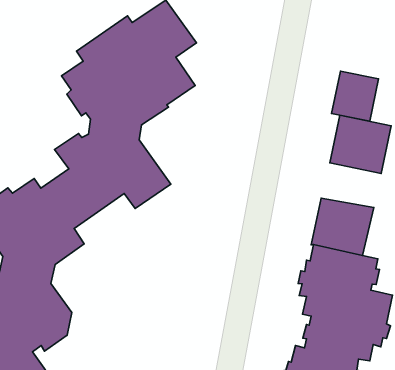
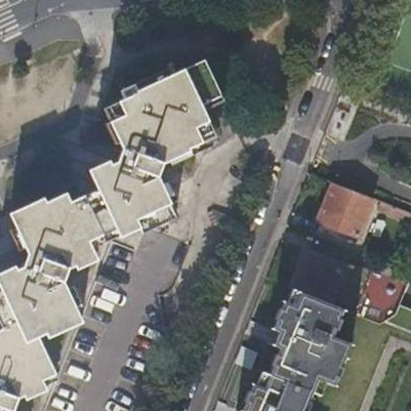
building: [332,71,379,121] -> none

